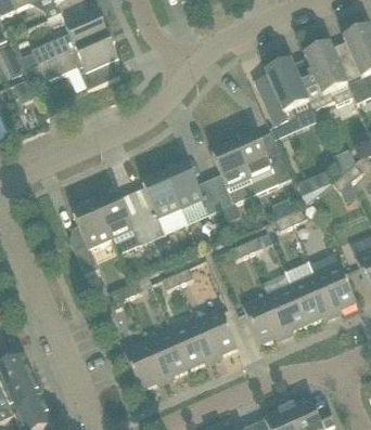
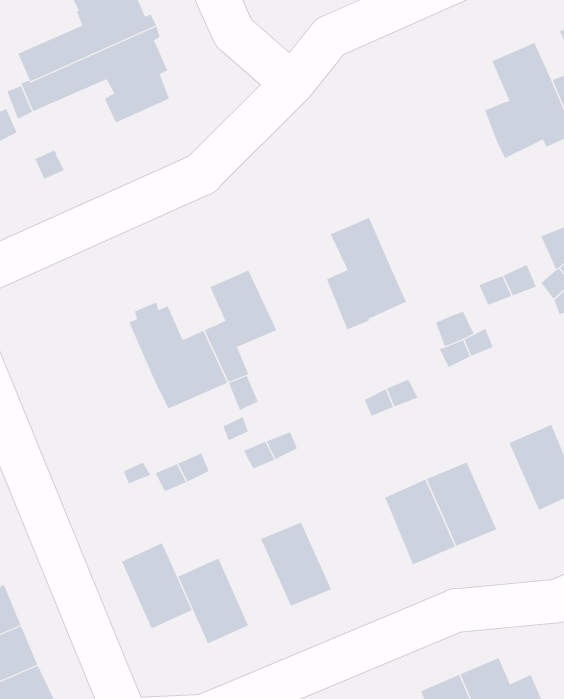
building: [258,60,316,127] -> none
building: [233,131,291,192] -> none
building: [164,164,220,222] -> none
building: [69,204,110,274] -> none
building: [284,259,331,323] -> none
building: [194,308,236,357] -> none
building: [146,328,188,378] -> [121,543,193,629]

